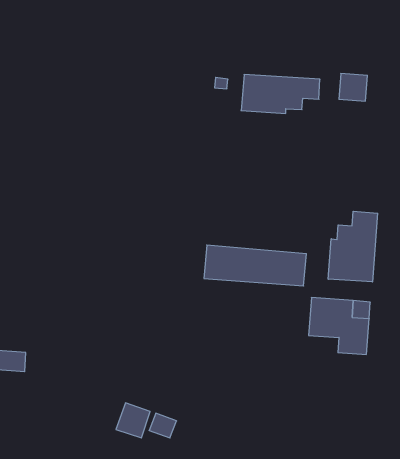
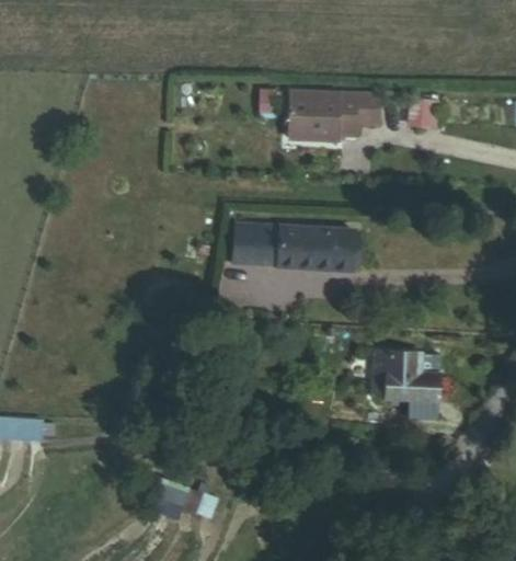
building: [328,211,378,282] -> none
building: [204,245,306,286] -> [232,224,351,271]

